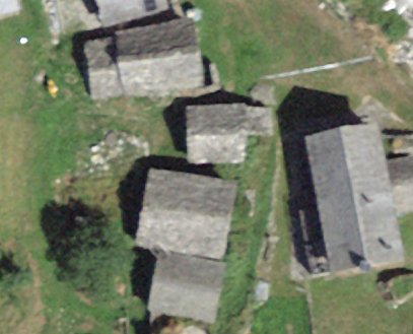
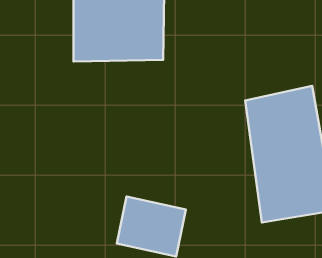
building: [187,104,246,158] -> none
building: [131,166,239,260] -> none

